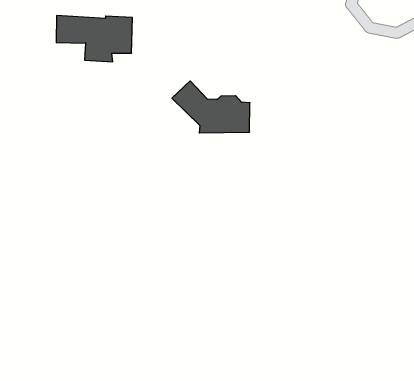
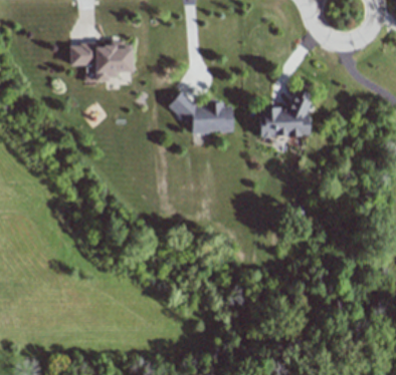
building: none -> [260,89,313,137]

